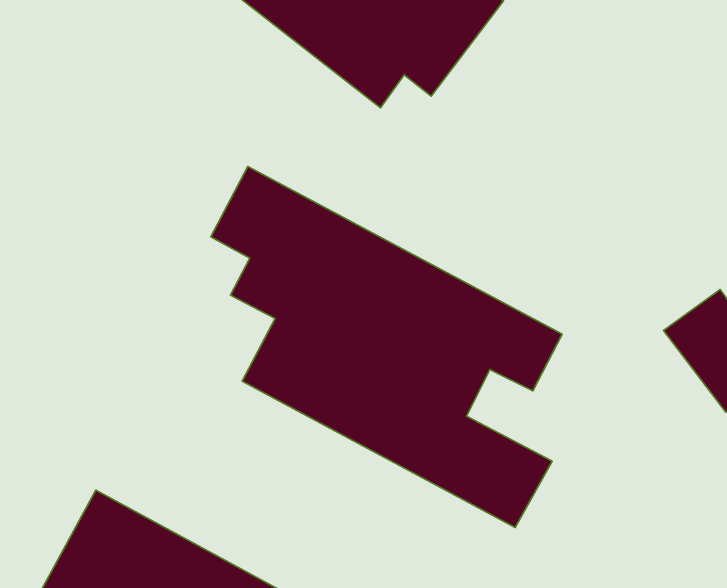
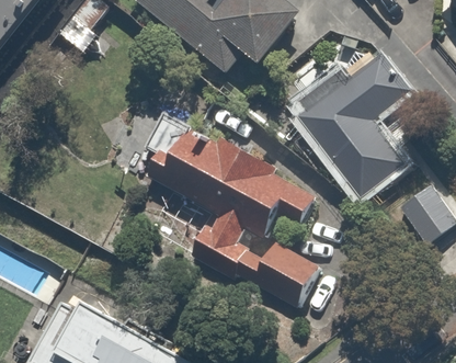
building: none -> [287,49,417,201]

